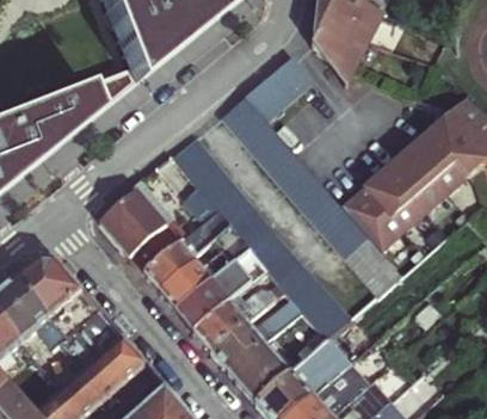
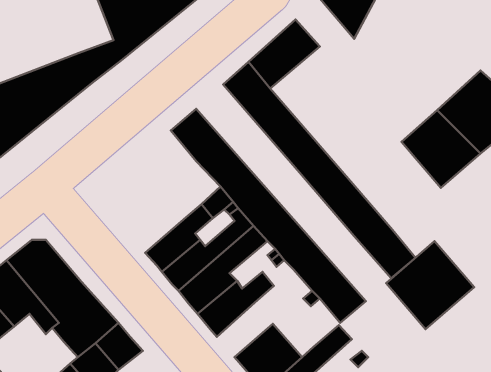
building: [343,166,425,248] -> [386,241,474,329]
building: [104,186,186,270] -> none
building: [215,315,283,368] -> none

